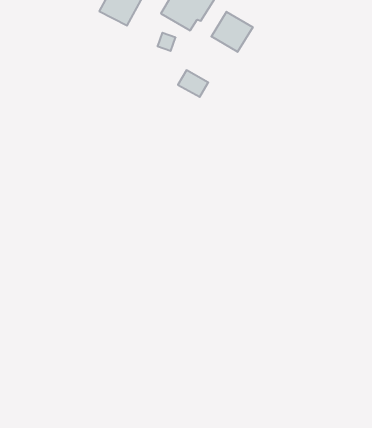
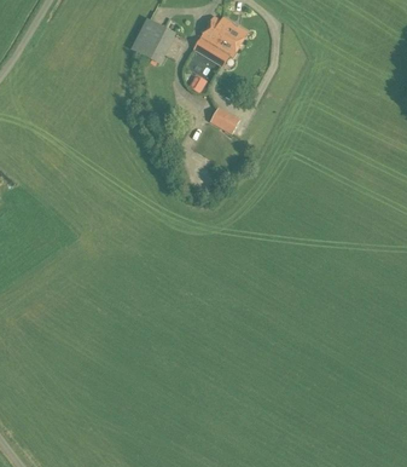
building: [211,12,253,52] -> none

